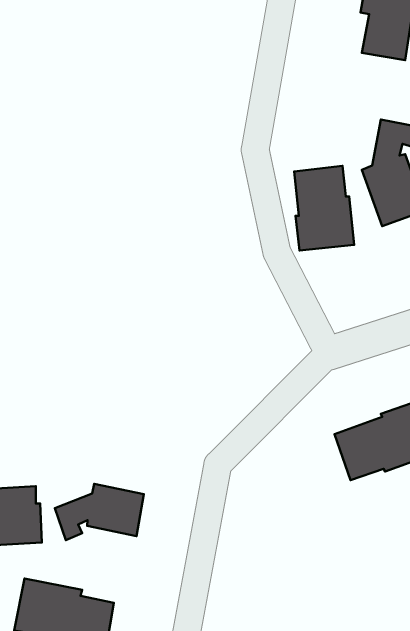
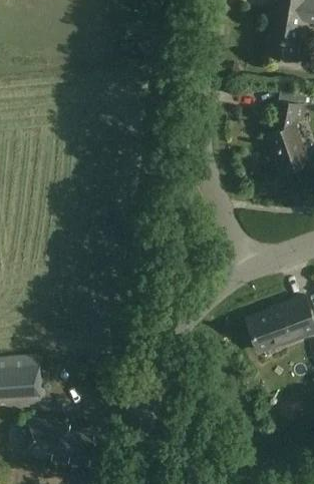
building: [294,166,354,250] -> none
building: [55,484,144,540] -> none

